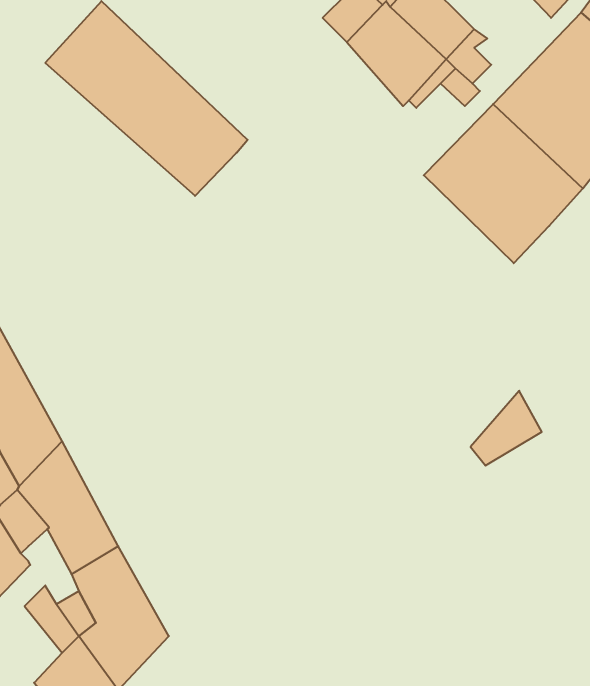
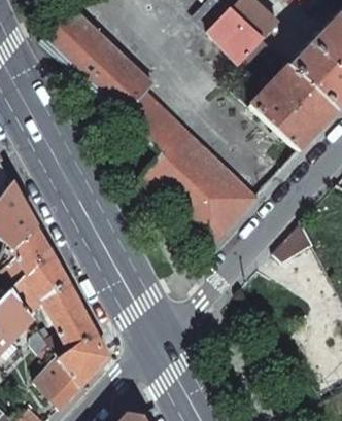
building: none -> [124,91,256,245]

